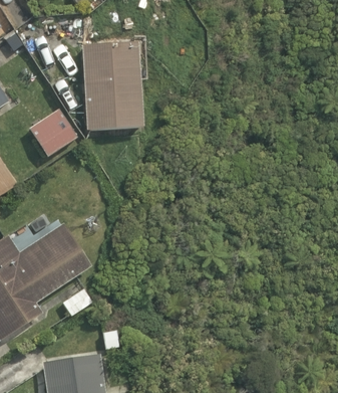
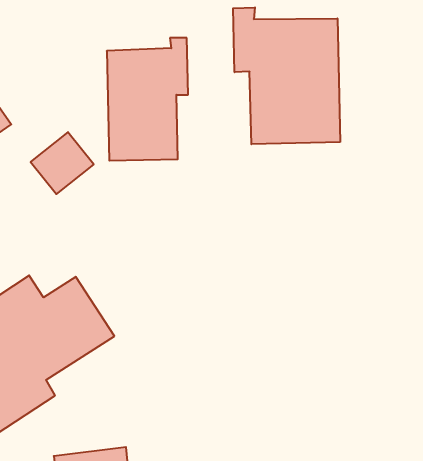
building: none -> [233,7,340,144]

